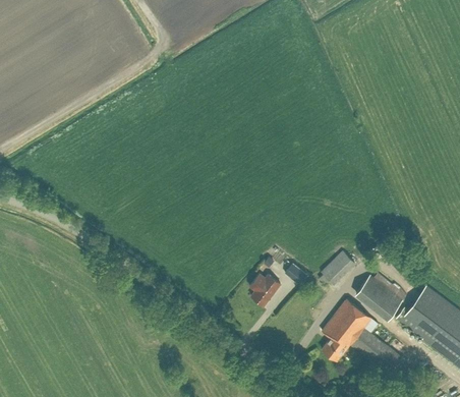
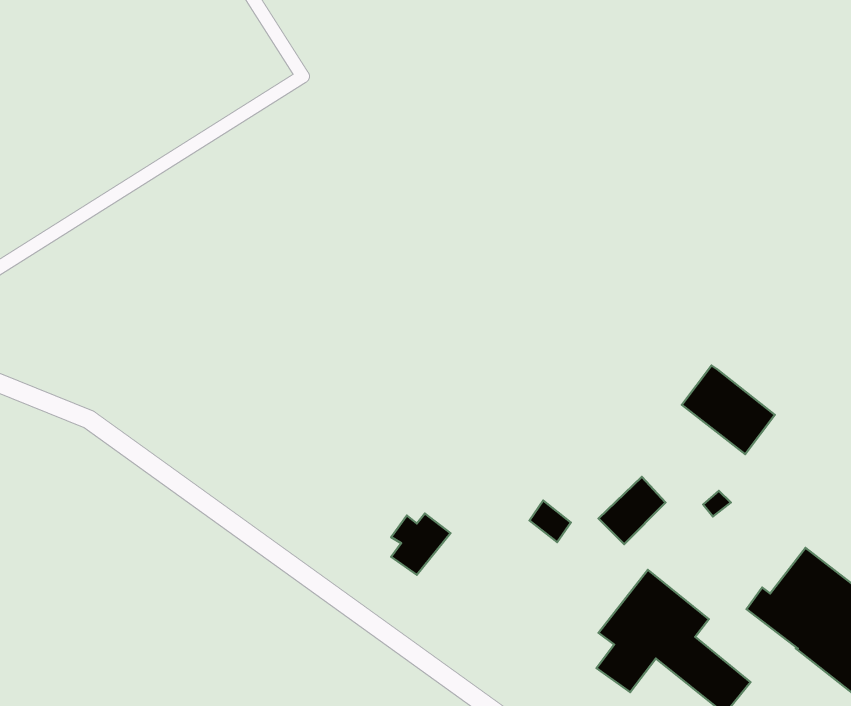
building: [250,273,281,304] -> [391,514,450,575]
building: [354,274,402,320] -> [682,365,775,454]

